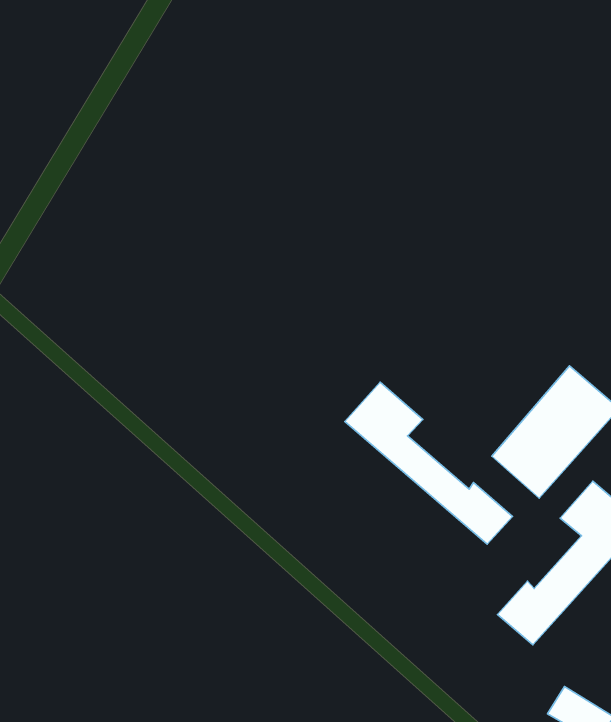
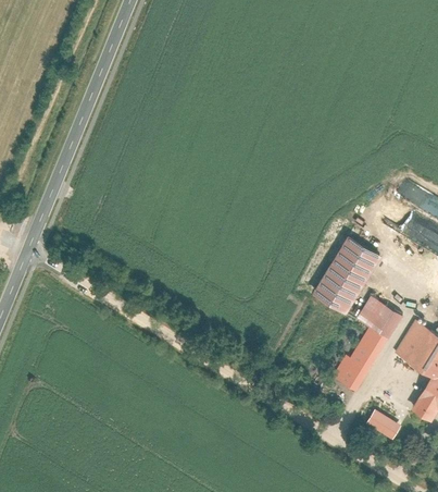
building: [345,382,513,544] -> none

